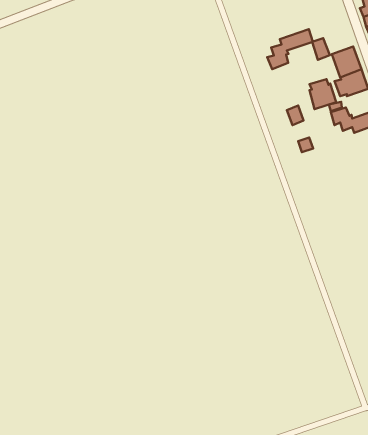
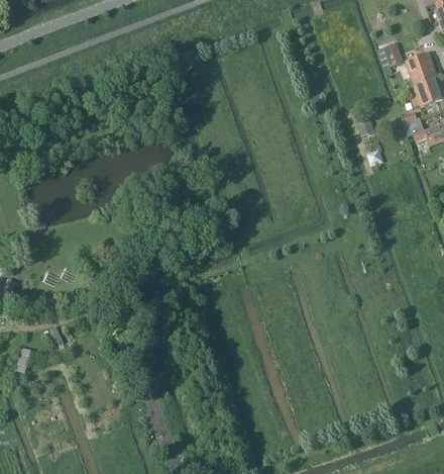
building: [267,29,313,69] -> none
building: [310,79,336,109] -> none

